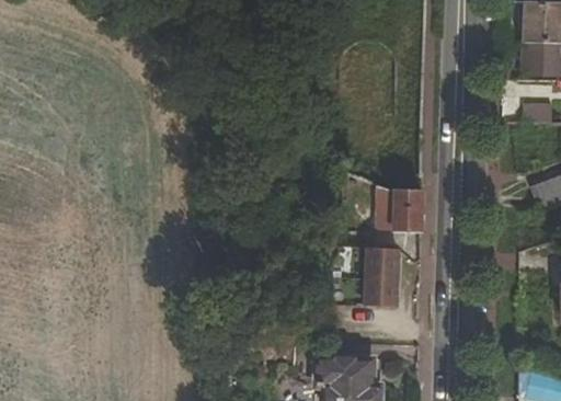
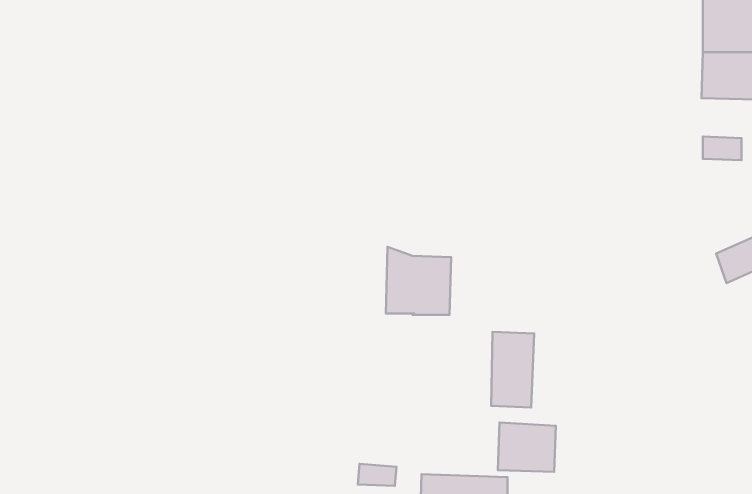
building: [375,182,423,232] -> [386,247,451,315]
building: none -> [498,423,556,472]

